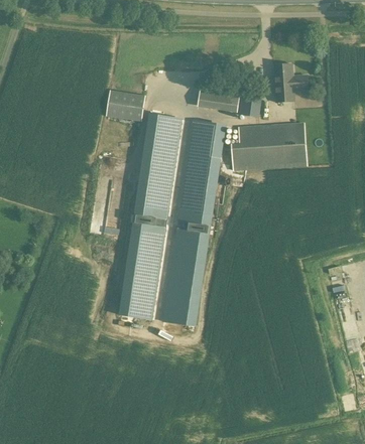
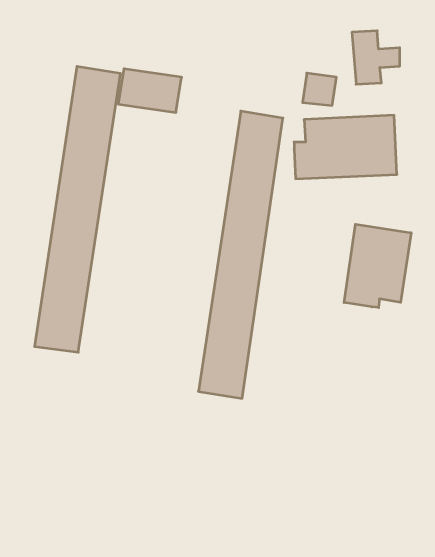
building: [197,85,239,112] -> none
building: [120,114,181,318] -> [35,66,120,352]
building: none -> [344,224,411,308]

